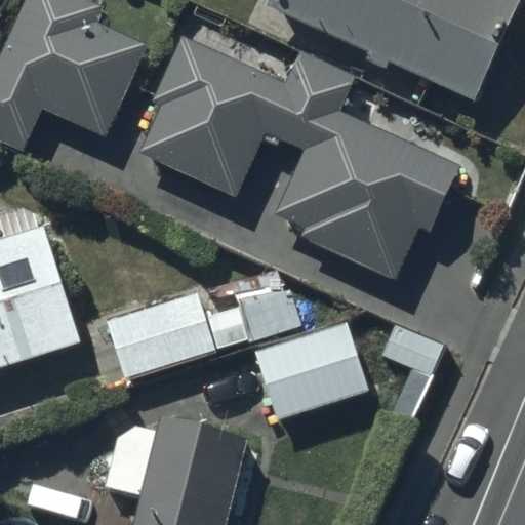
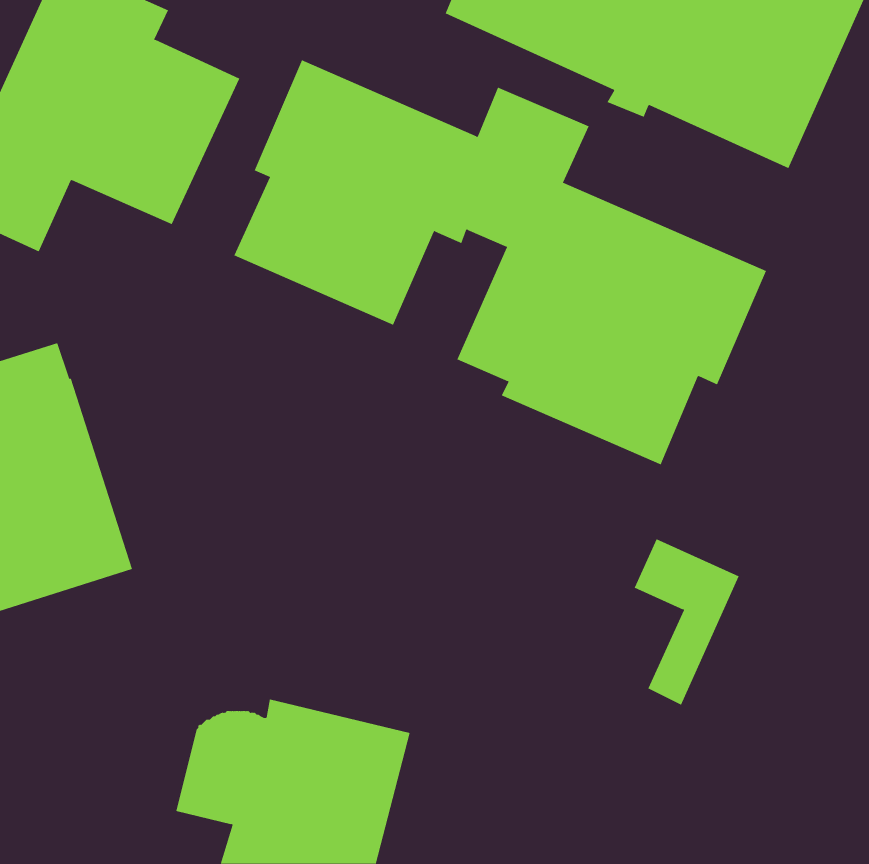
building: [107,267,304,379] -> none
building: [254,320,382,422] -> none

